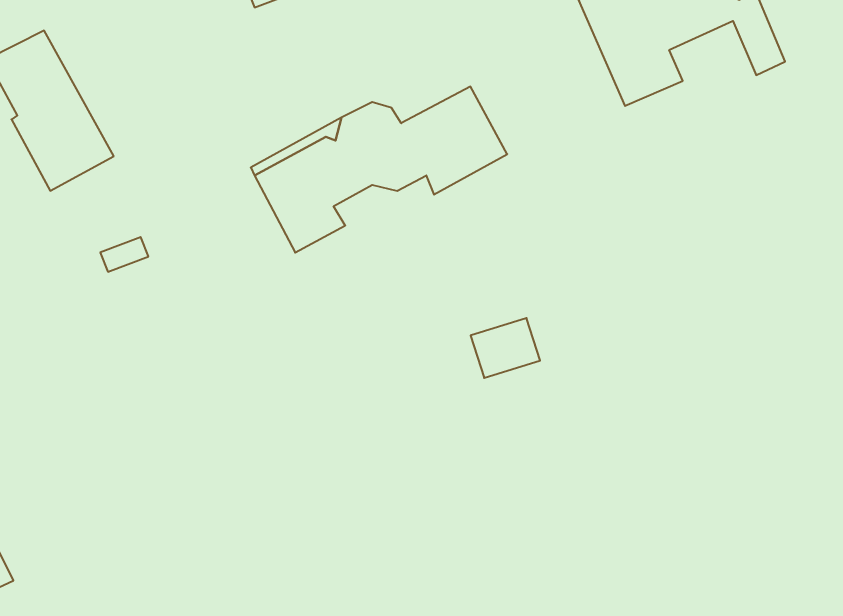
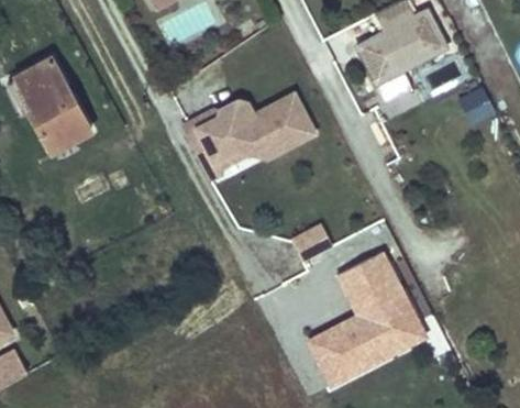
building: none -> [305,250,429,387]

